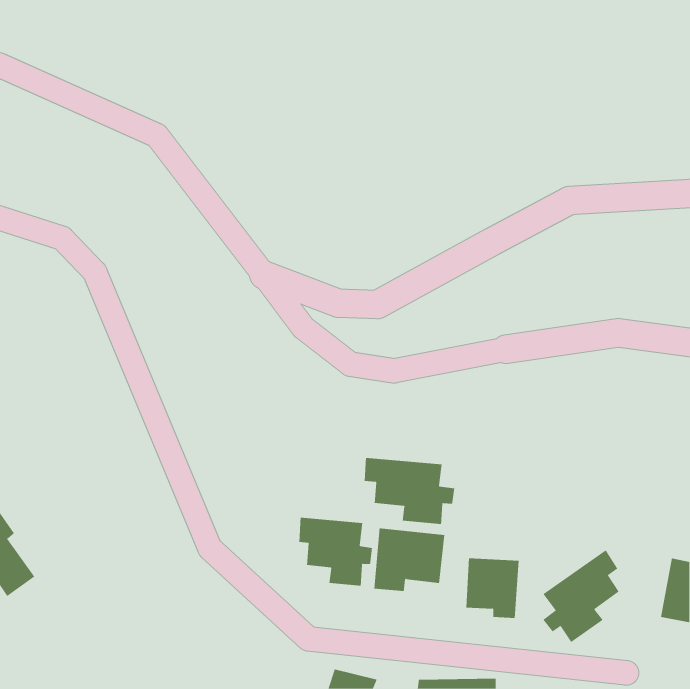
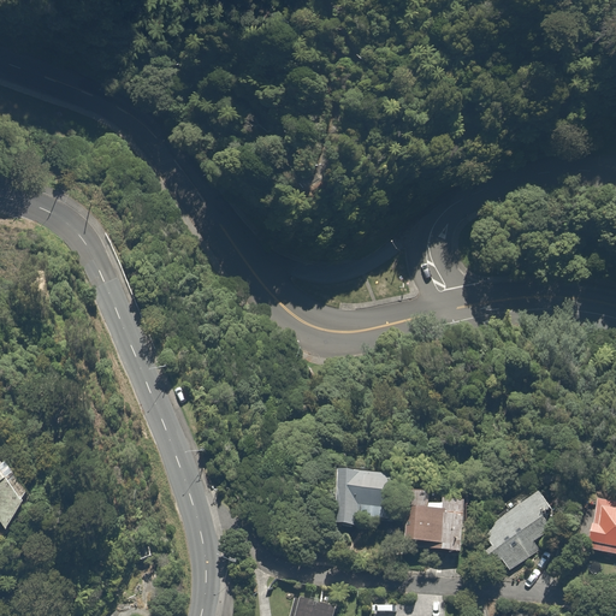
building: [364,457,455,525] -> none
building: [299,517,373,587] -> none

